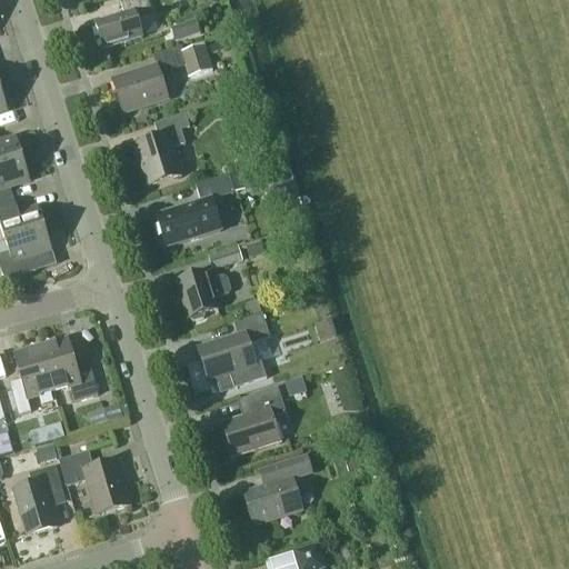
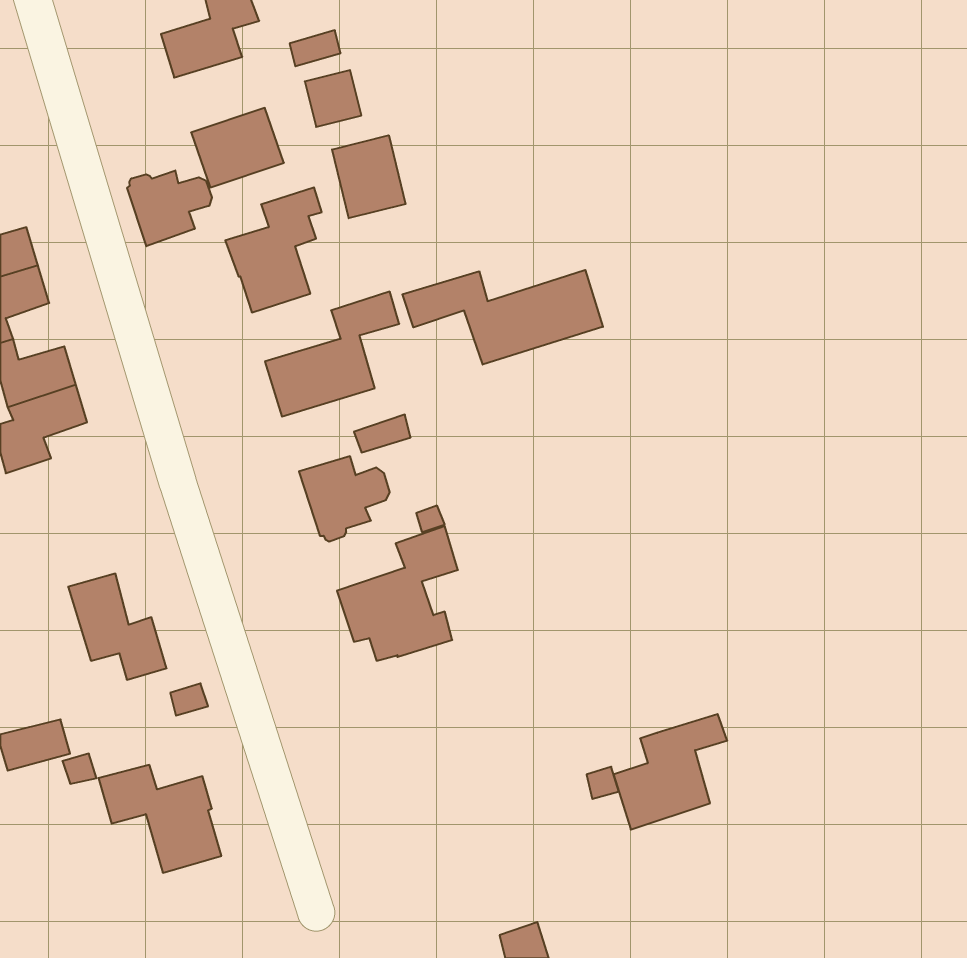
building: none -> [332,135,406,218]
building: none -> [127,170,212,246]
building: none -> [402,270,603,365]
building: [10,345,53,412] -> none
building: [221,385,286,455] -> none
building: [243,455,310,522] -> [614,714,727,830]
building: [12,463,63,532] -> none

